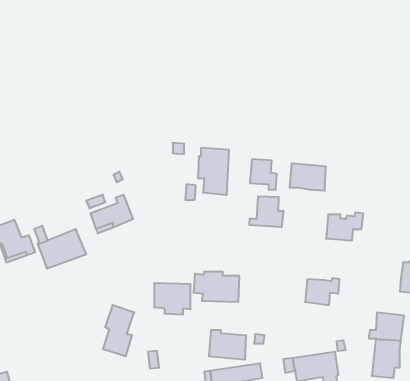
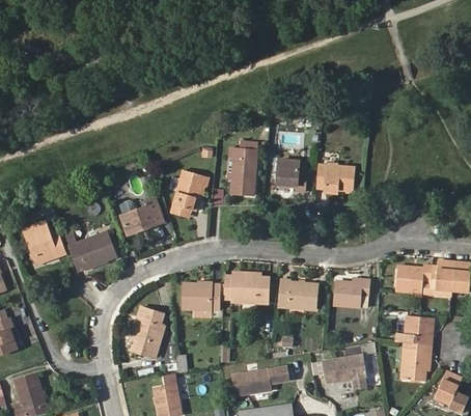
building: none -> [171,170,205,217]
building: [250,196,283,227] -> none
building: [326,212,364,241] -> [393,264,431,292]
building: [209,330,246,359] -> [278,279,315,308]

